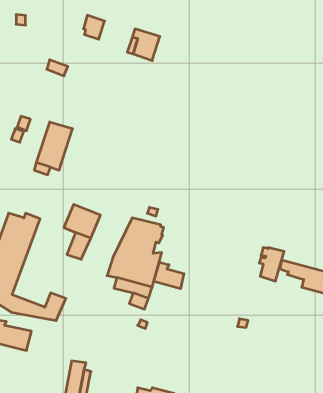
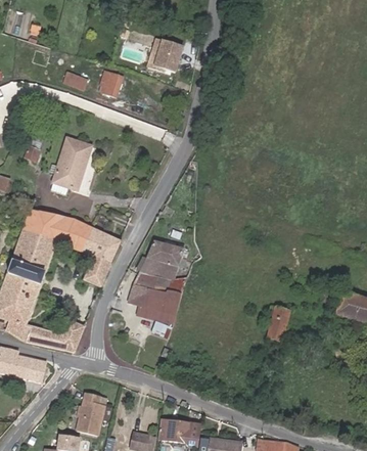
building: [83,15,105,39] -> [99,70,122,95]
building: none -> [21,210,91,250]
building: [259,248,284,281] -> [264,305,290,341]
building: [154,262,184,289] -> none

